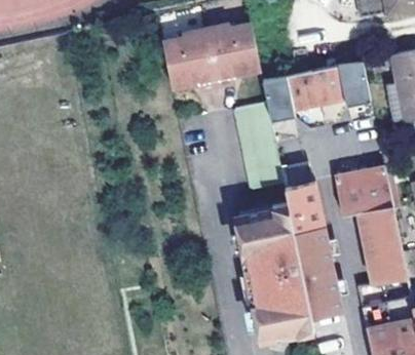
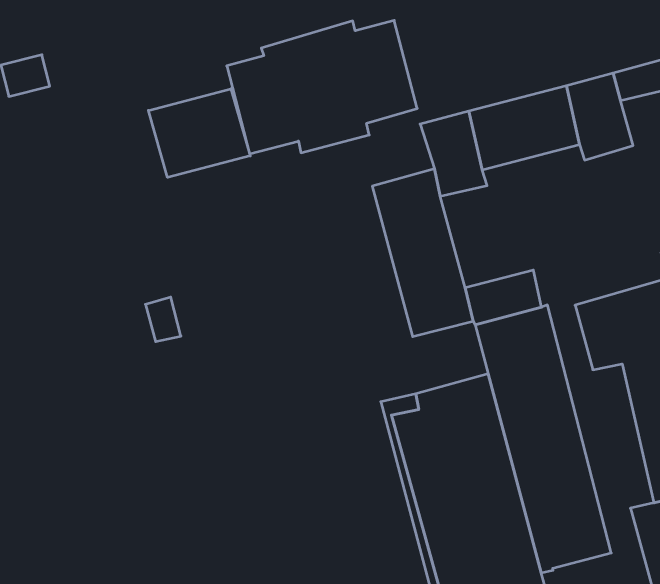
building: none -> [148,89,250,177]

